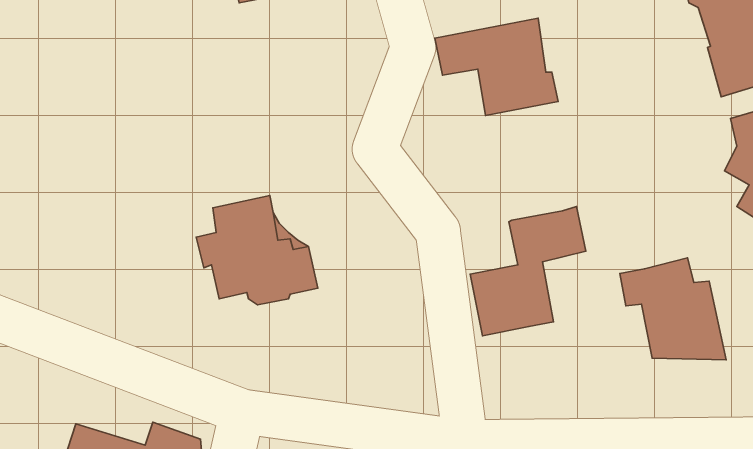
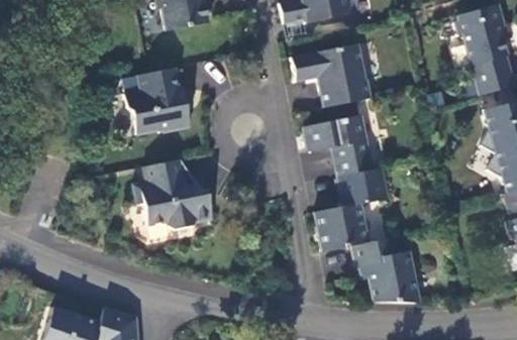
building: none -> [125,69,191,134]
building: none -> [305,113,375,176]
building: [620,258,726,360] -> [352,235,422,302]

